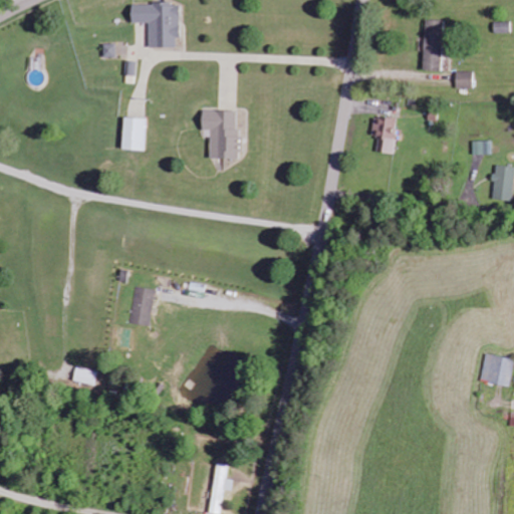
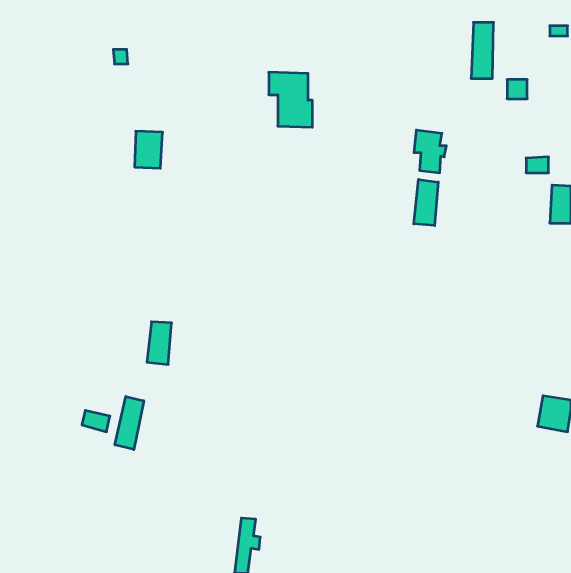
building: [130,4,178,47] -> none
building: [201,110,240,160] -> [269,72,312,127]
building: none -> [414,179,438,226]
building: none -> [115,396,144,450]

